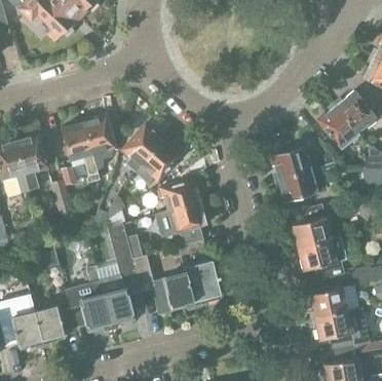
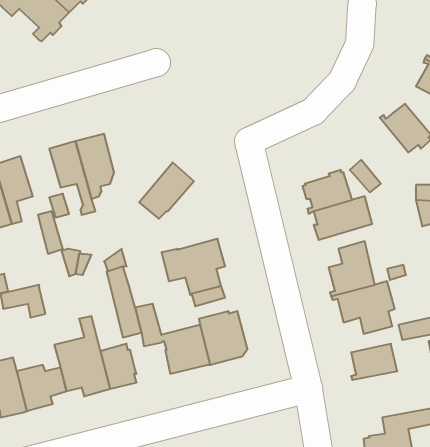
building: [317,103,356,146] -> none
building: [122,124,162,173] -> none
building: [152,180,199,212] -> none
building: [310,308,369,349] -> none

